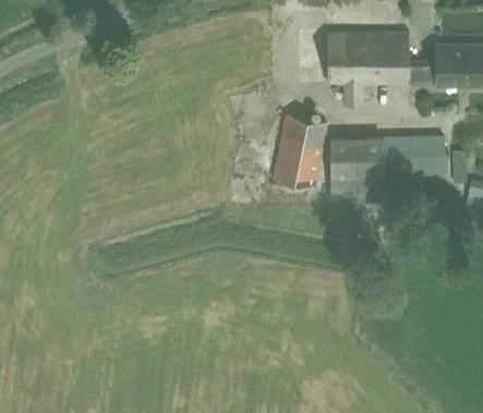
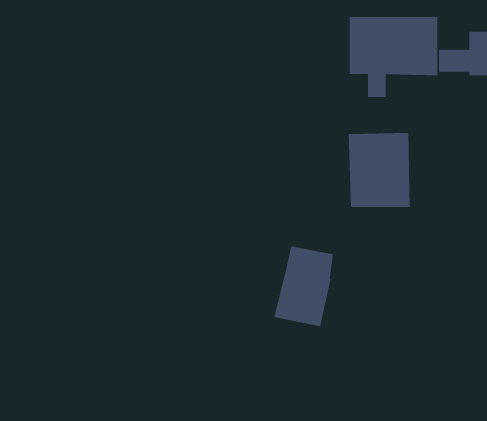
building: [271,114,326,187] -> [274,246,334,327]
building: [382,135,445,178] -> none

